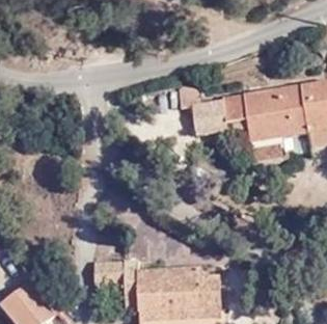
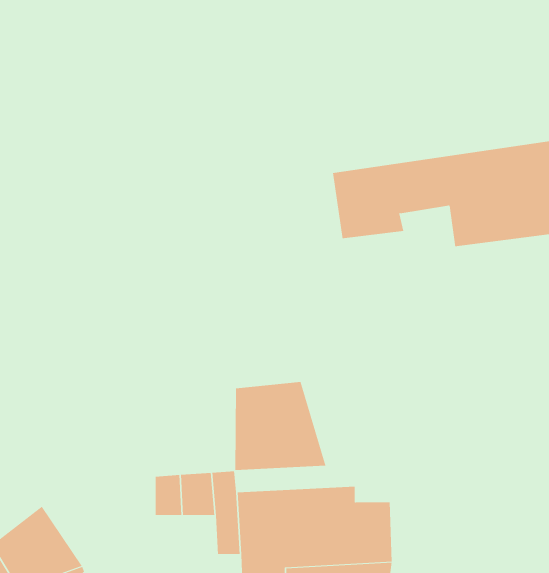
building: none -> [235,381,326,471]

